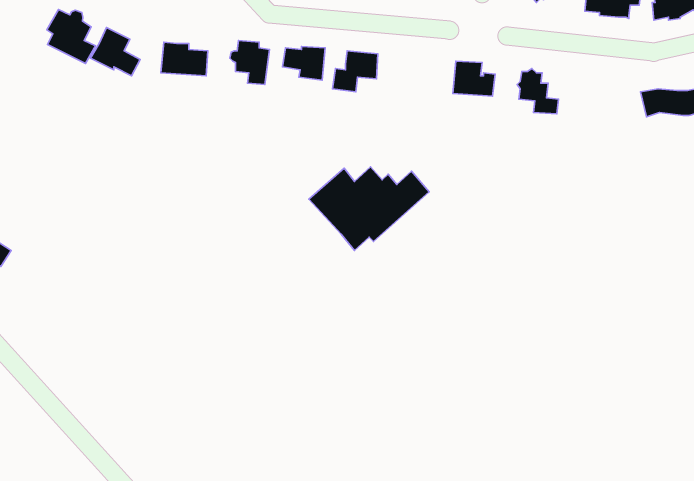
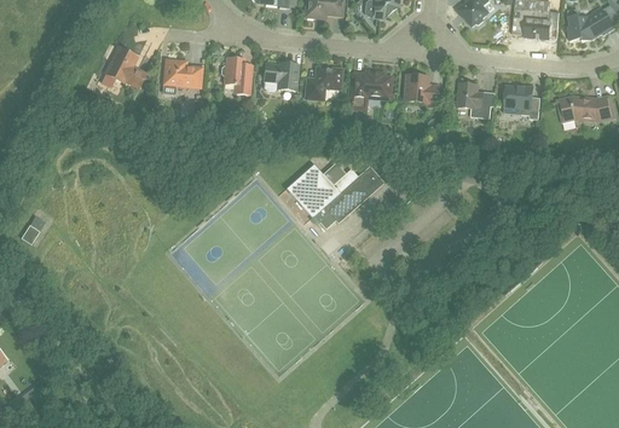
building: [47,9,95,63] -> none
building: none -> [349,70,391,109]
building: none -> [503,85,539,118]

